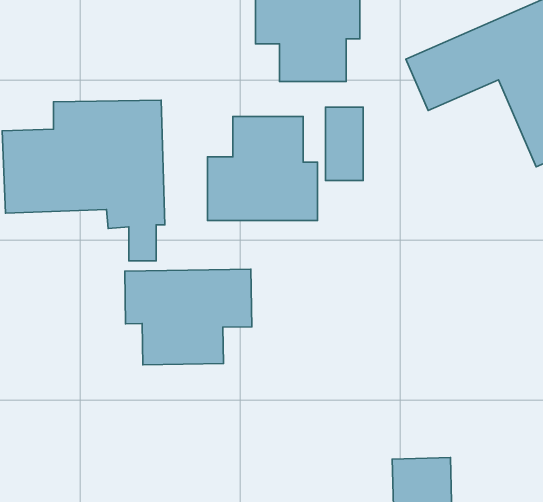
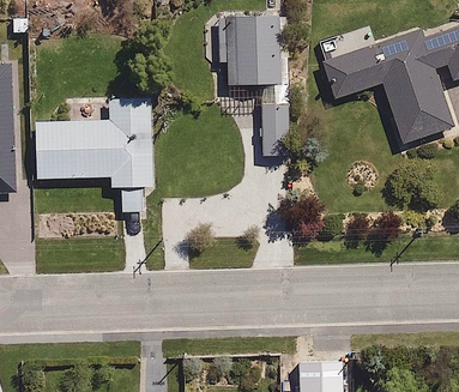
building: [207,117,318,220] -> none
building: [125,269,252,365] -> none

